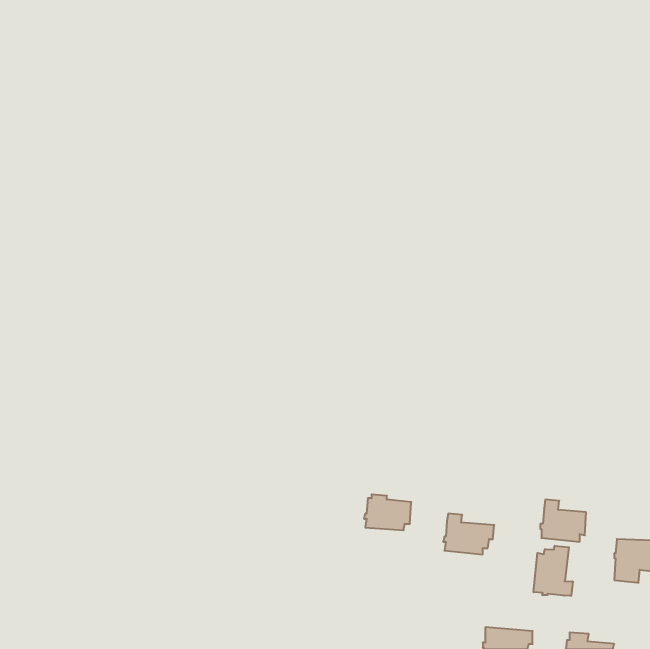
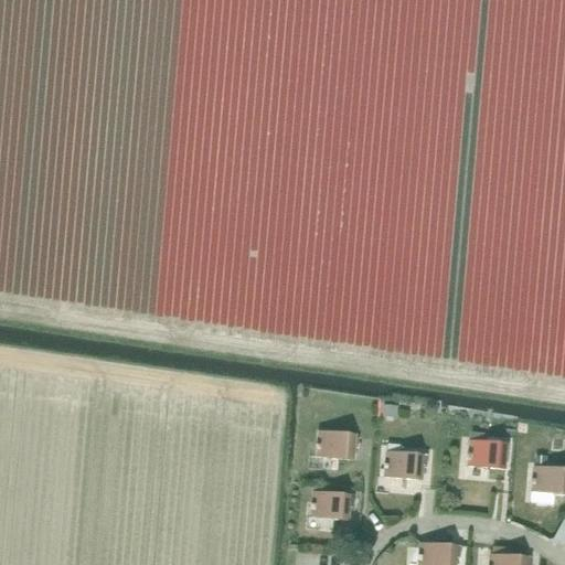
building: [534,546,573,596] -> none
building: none -> [312,486,356,519]

